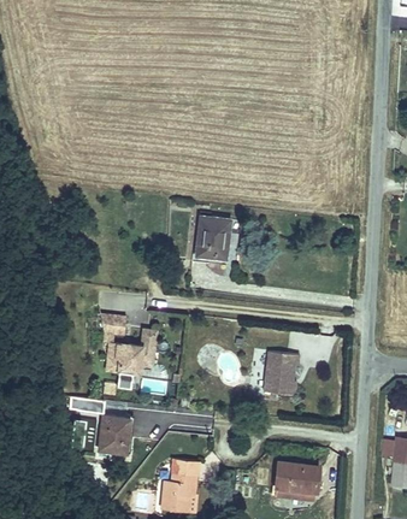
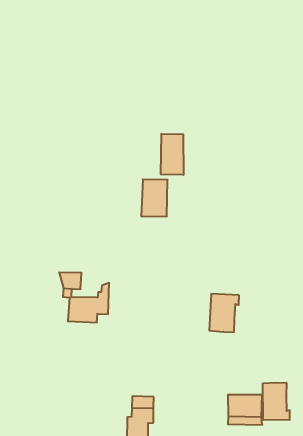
building: none -> [161,134,184,175]
building: [100,415,130,453] -> none
building: none -> [263,383,290,420]

